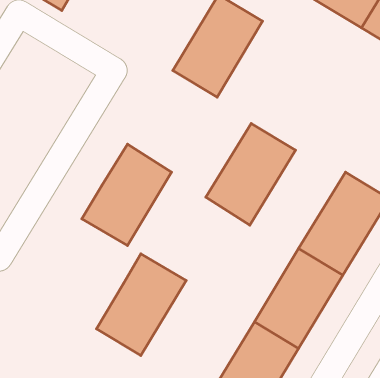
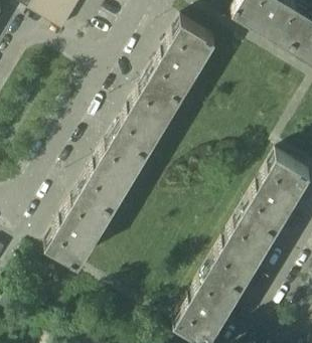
building: [206,124,295,225] -> [115,79,182,156]
building: [97,254,186,356] -> [47,191,115,268]

